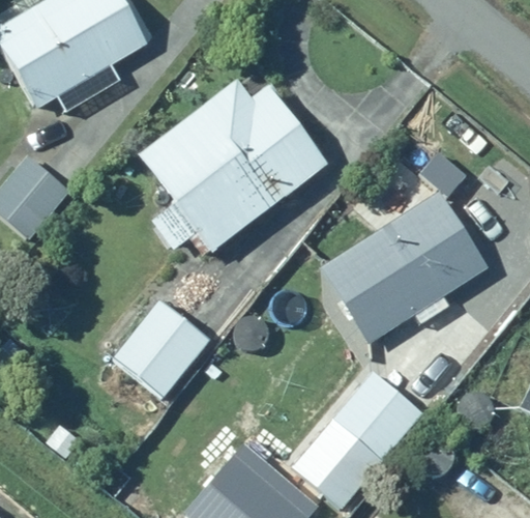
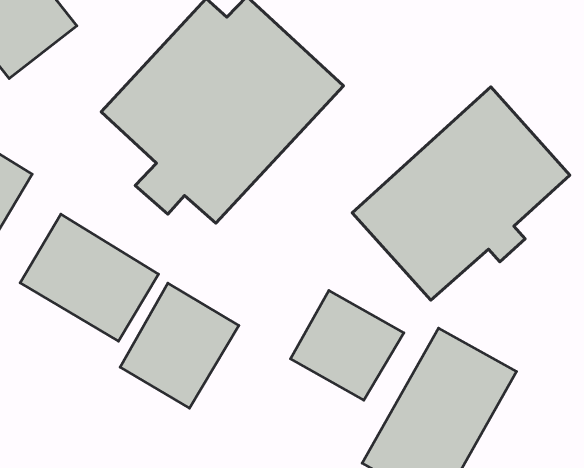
building: none -> [20,214,159,341]
building: none -> [291,291,404,400]

